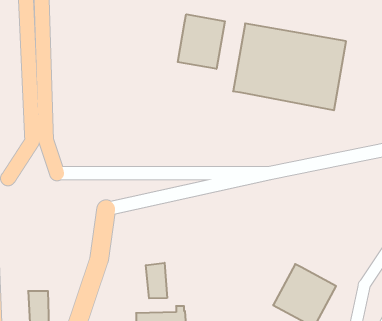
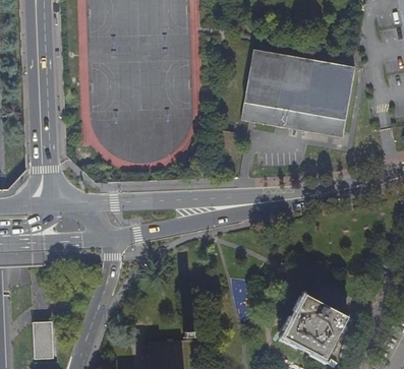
building: [178,14,225,69] -> none
building: [146,263,167,298] -> none

